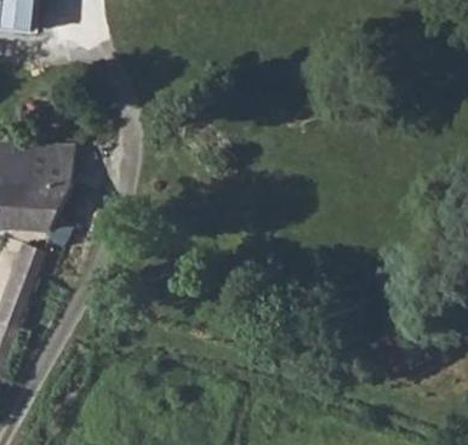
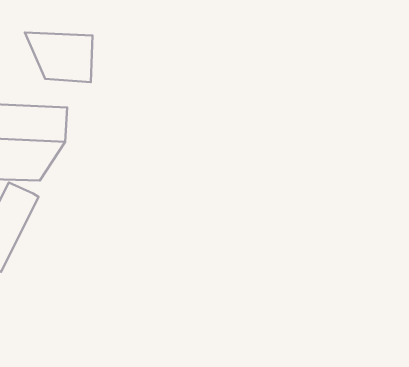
building: none -> [25,33,93,82]

